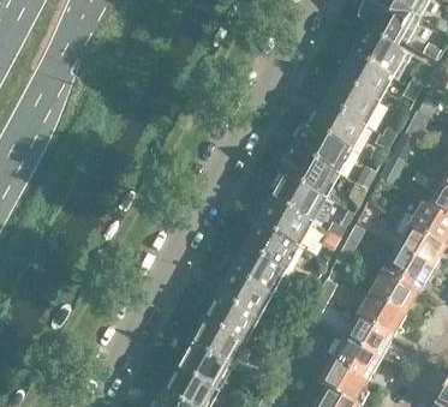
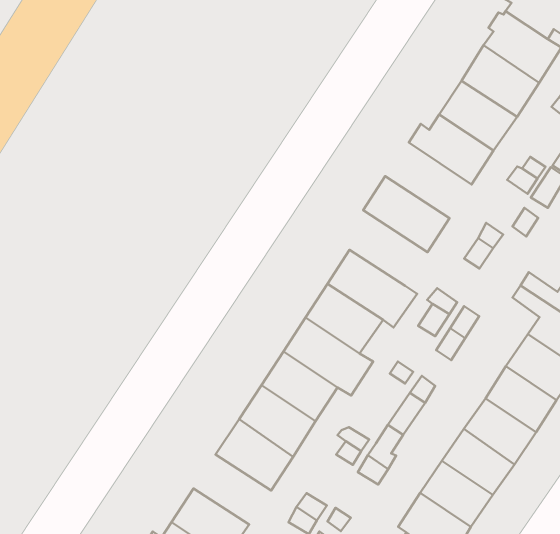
building: [292,121,351,170] -> none
building: [271,169,324,219] -> none
building: [178,342,231,388] -> none

